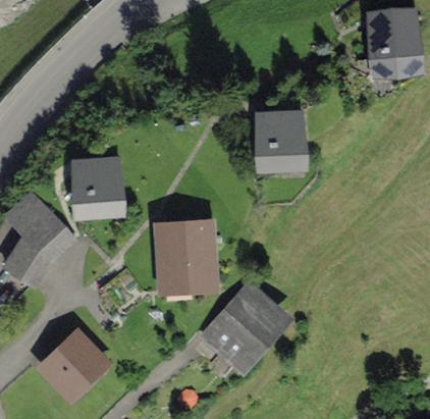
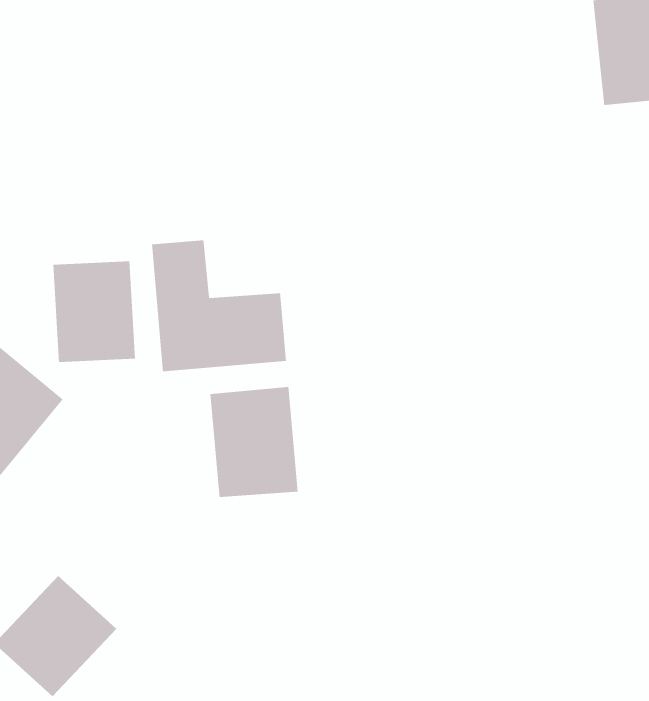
building: [256,111,298,167] -> none
building: none -> [152,240,287,372]
building: [200,284,284,369] -> none

